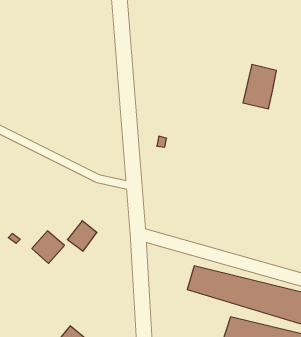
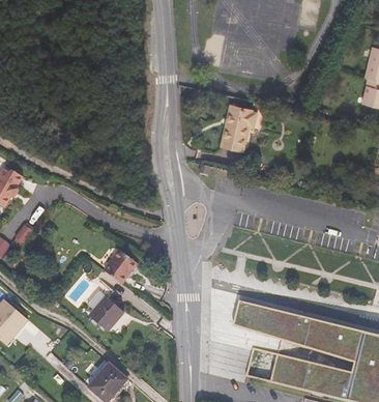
building: [243,65,276,109] -> [222,104,257,150]
building: [32,231,64,263] -> [90,296,124,331]

